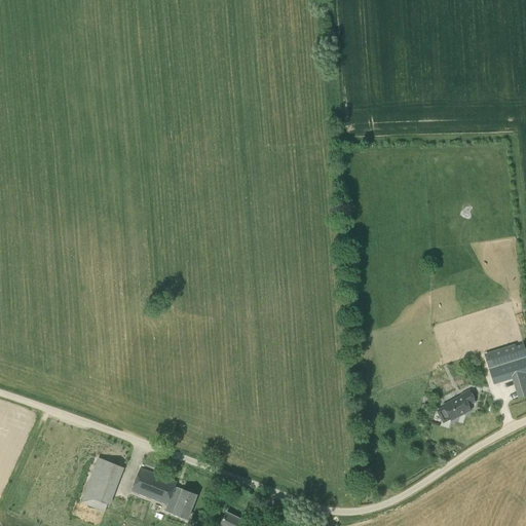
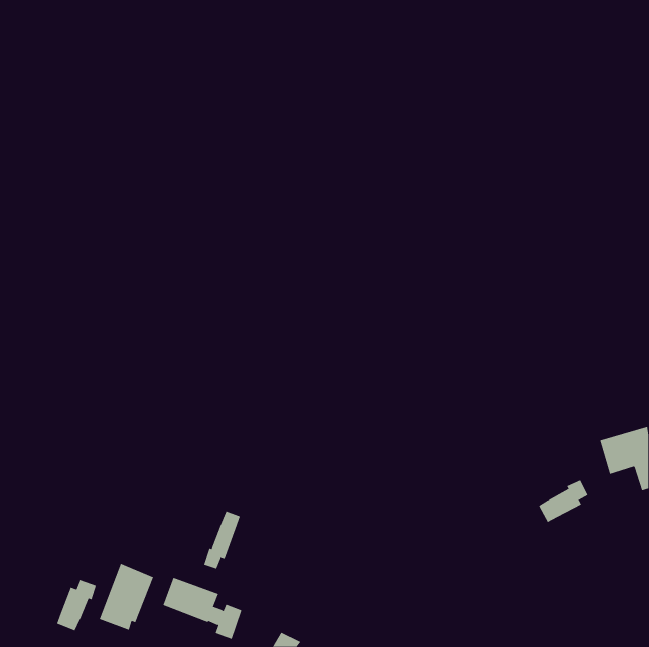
building: none -> [203,511,241,569]
building: none -> [56,579,97,631]

